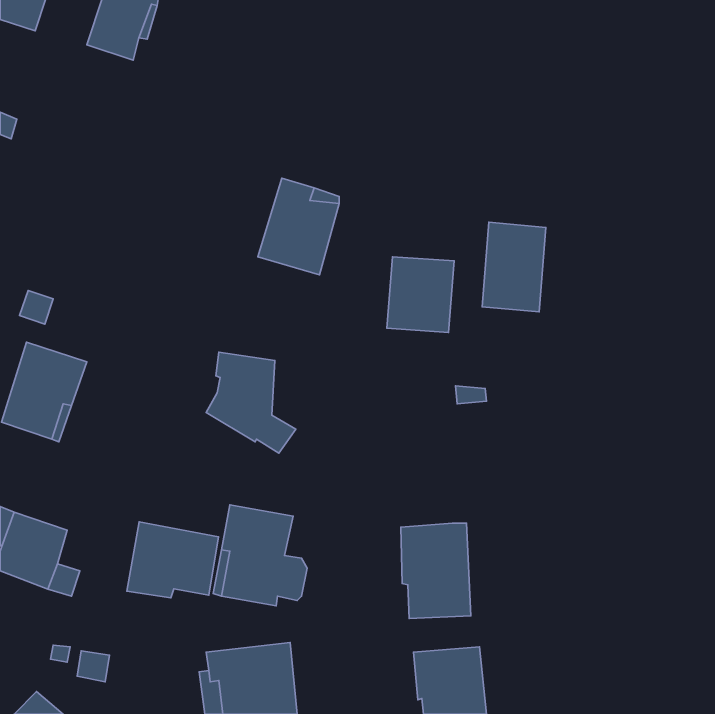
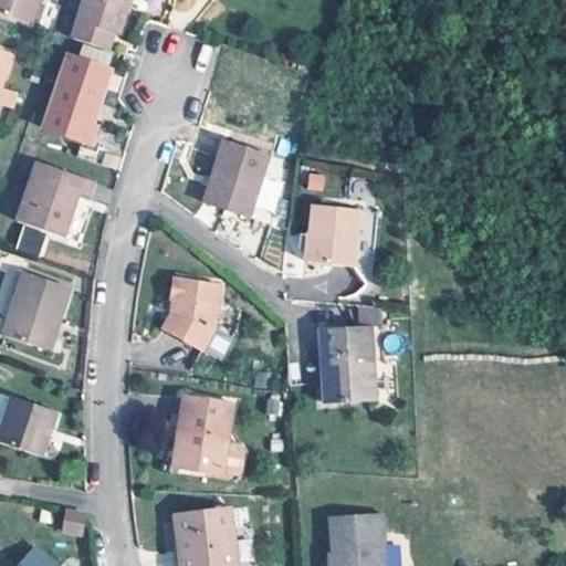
building: none -> [42,54,106,145]
building: none -> [15,164,92,238]
building: [482,222,546,312] -> none
building: [127,522,219,598] -> none
building: [401,523,471,618] -> [322,324,377,399]

